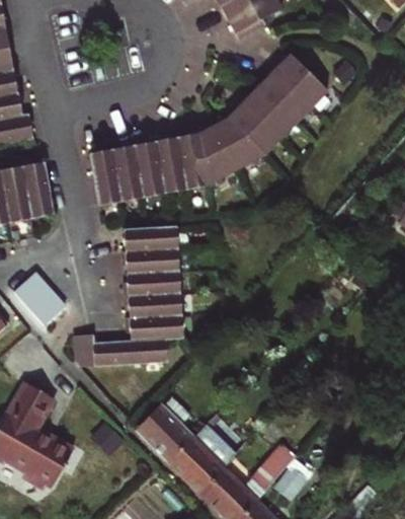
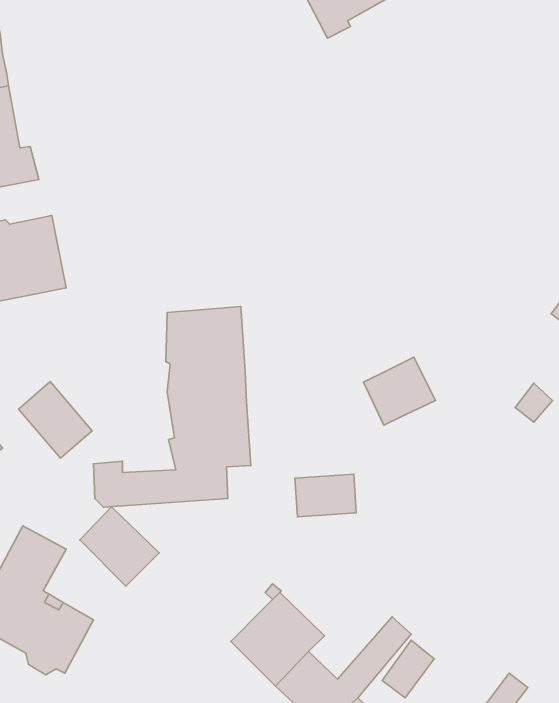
building: [90,54,328,206] -> none
building: none -> [364,357,435,425]
building: none -> [295,474,356,517]
building: [137,405,192,461] -> [80,507,159,586]

